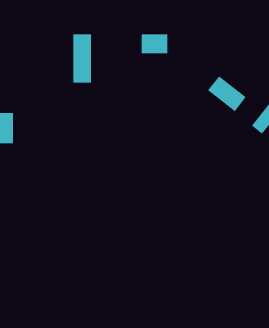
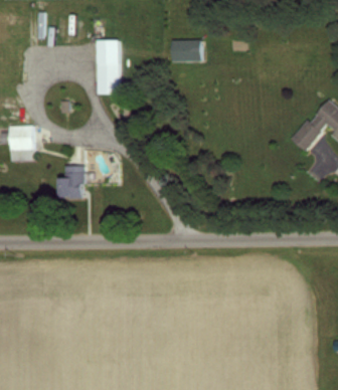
building: [207,75,247,112] -> none
building: none -> [58,165,83,197]

